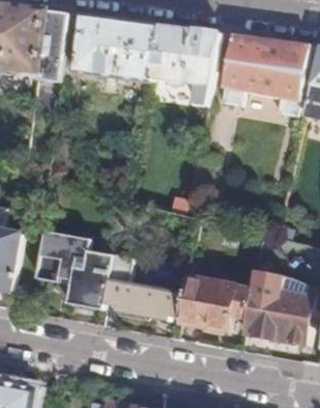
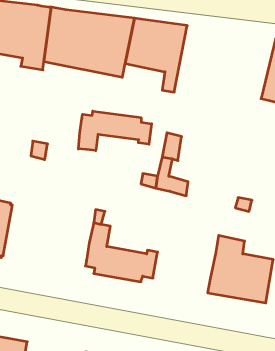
building: [217,33,306,116] -> none
building: none -> [78,111,152,151]
building: [34,232,111,309] -> none
building: [177,275,249,330] -> none

